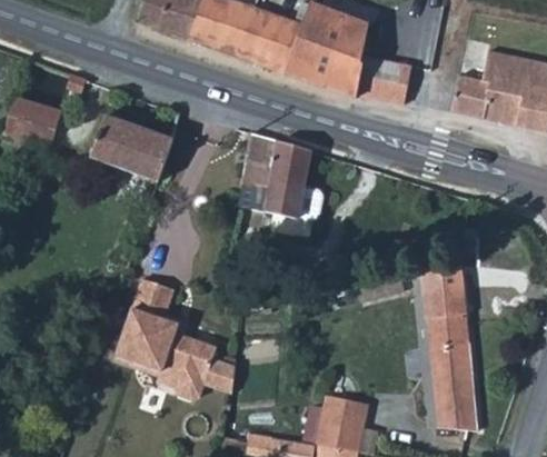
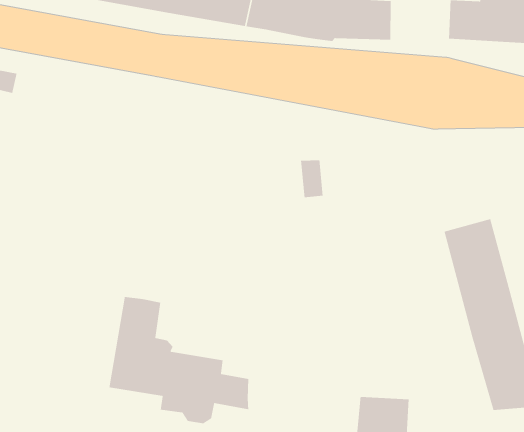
building: [88,115,170,178] -> none
building: [243,135,314,217] -> none

